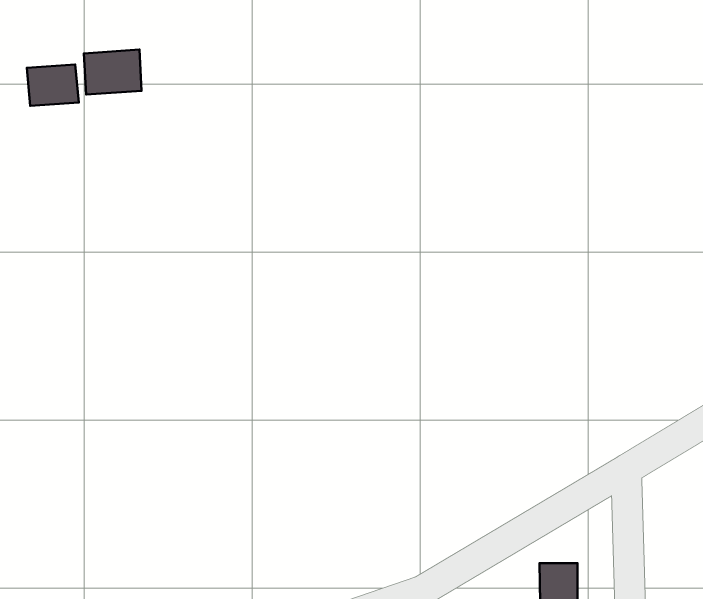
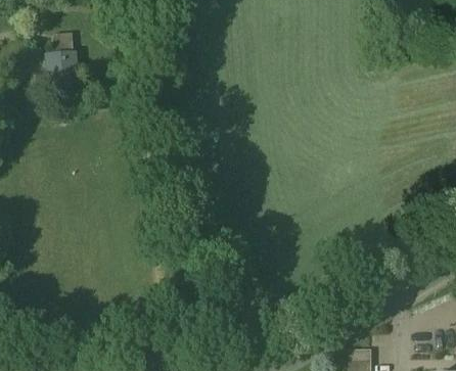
building: [84,49,142,95] -> none

